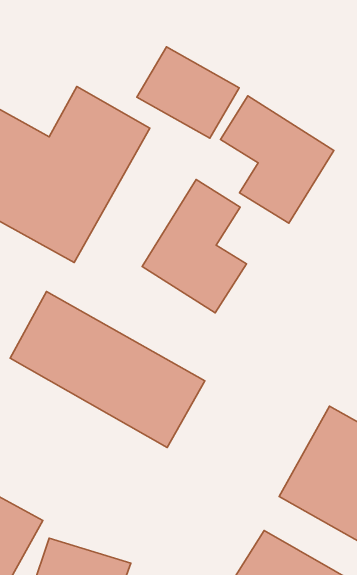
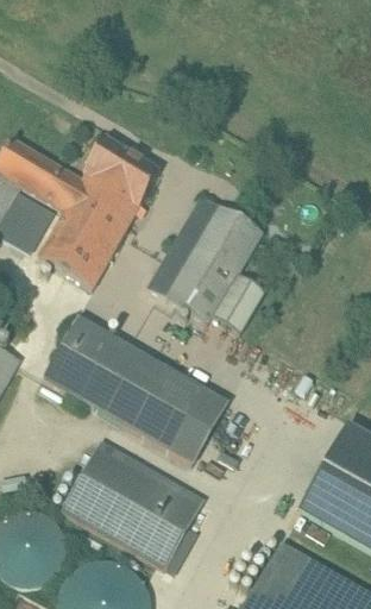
building: [137,47,239,138] -> none
building: [220,96,334,223] -> none
building: none -> [62,441,206,569]

